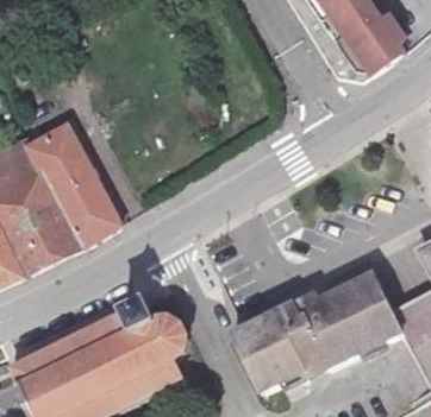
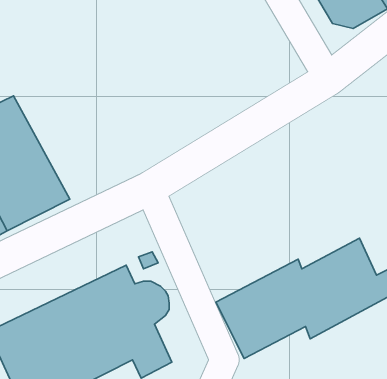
building: [35,116,127,236] -> none

